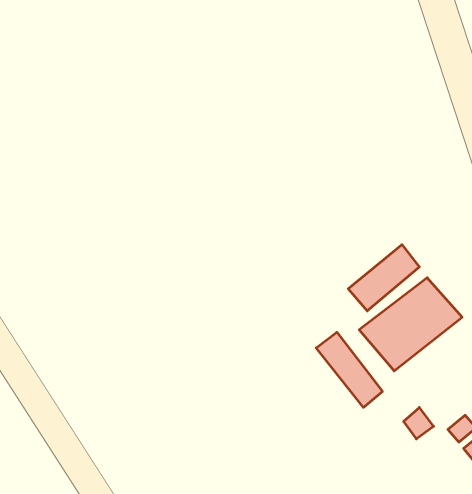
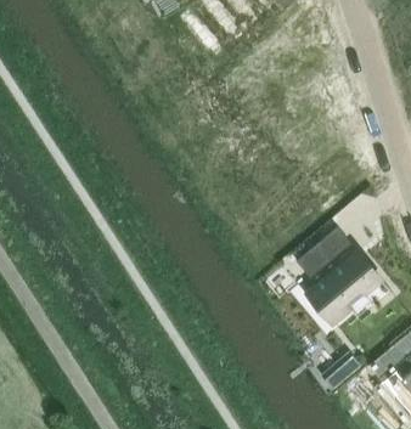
building: [316,332,382,407] -> none

